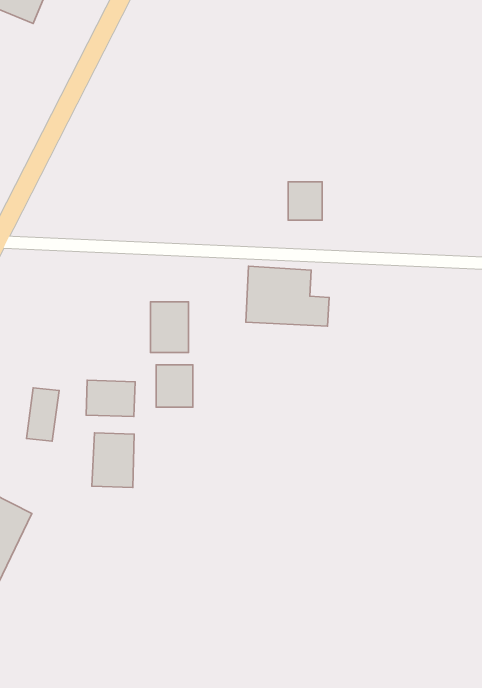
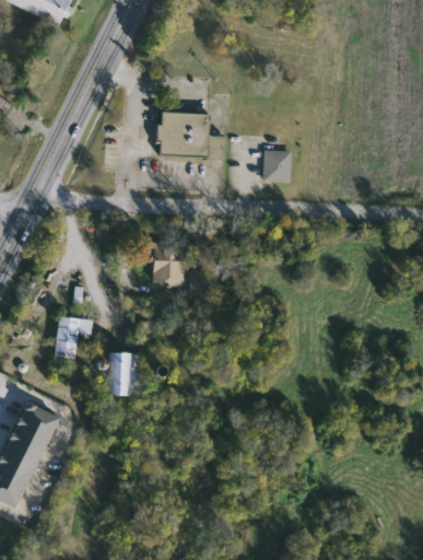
building: [246,266,329,326] -> [157,109,224,158]
building: [156,365,193,407] -> none
building: [86,380,135,417] -> none

